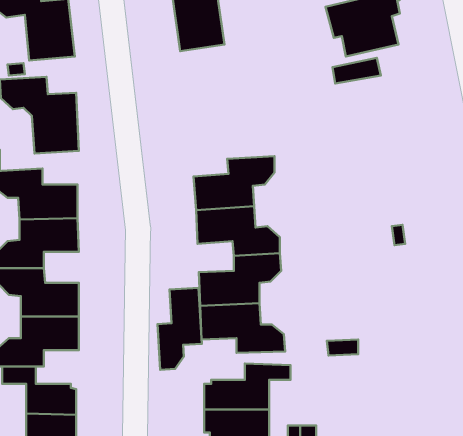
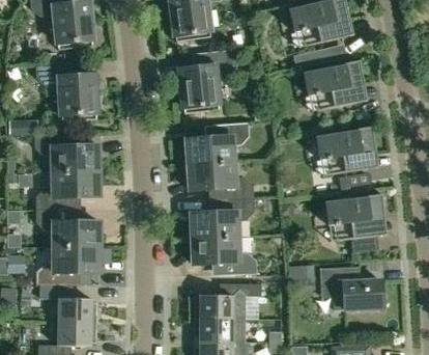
building: none -> [179,49,238,113]
building: none -> [304,59,361,110]
building: none -> [316,126,373,174]
building: none -> [325,193,382,240]
building: [157,288,202,370] -> none
building: none -> [320,266,383,308]

